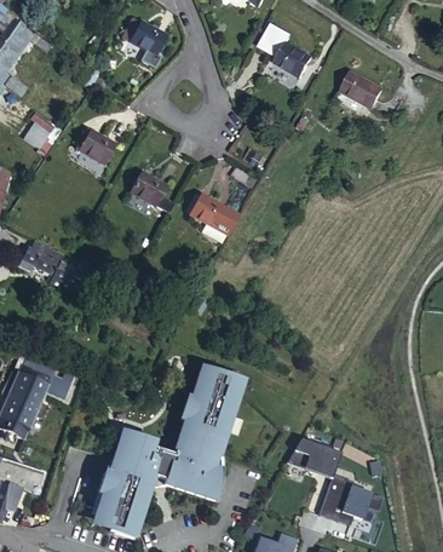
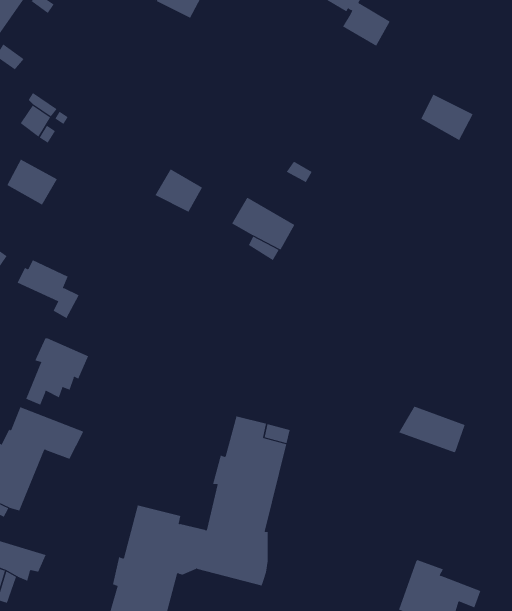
building: [343,71,384,108] -> [420,94,474,141]
building: [76,128,116,165] -> [6,159,58,206]
building: none -> [25,337,89,406]
building: [288,439,340,476] -> [398,406,466,453]

